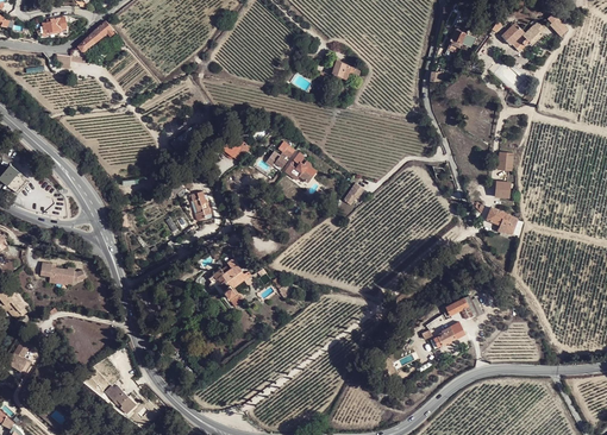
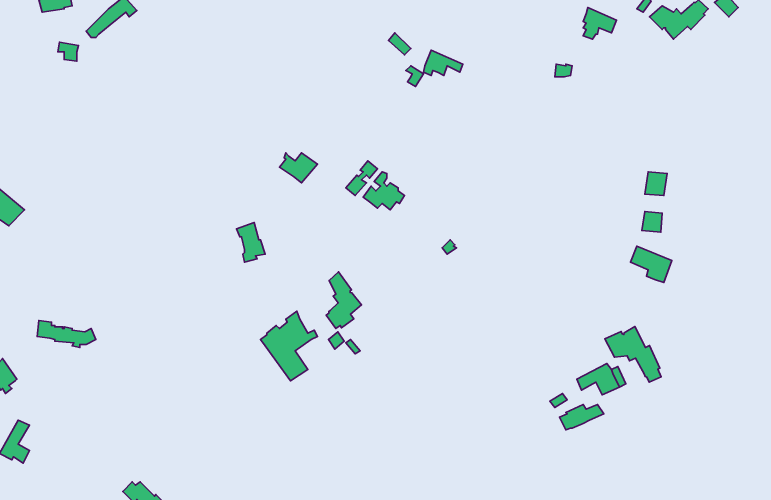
building: none -> [326,272,361,328]
building: none -> [605,327,661,382]

